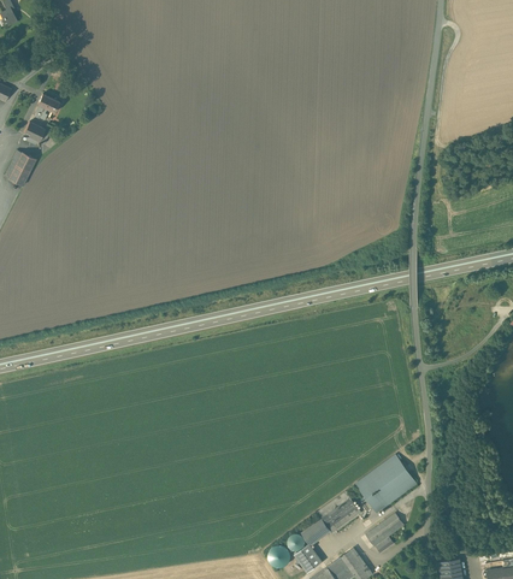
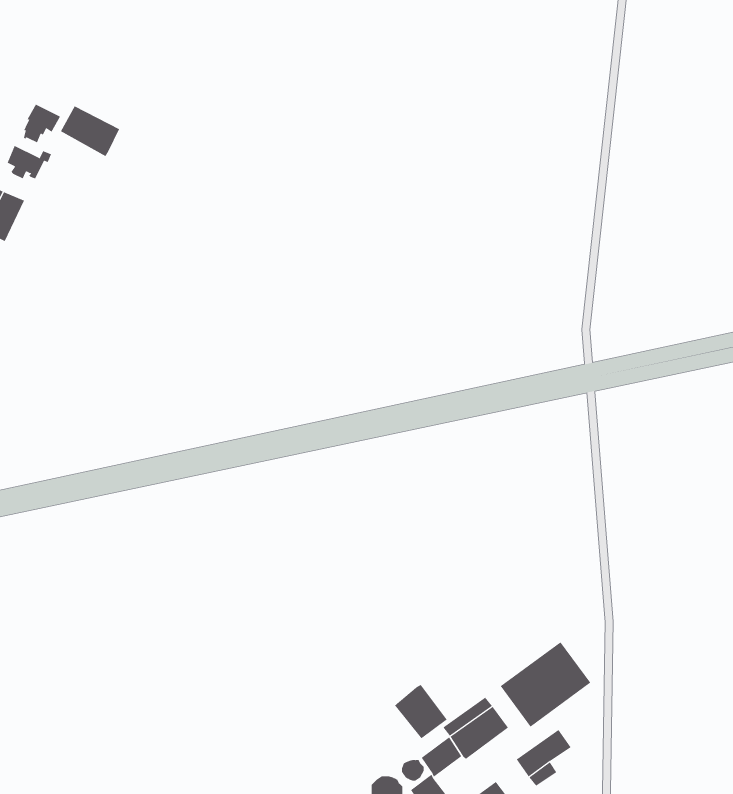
building: none -> [60,106,120,157]
building: none -> [394,684,447,739]

